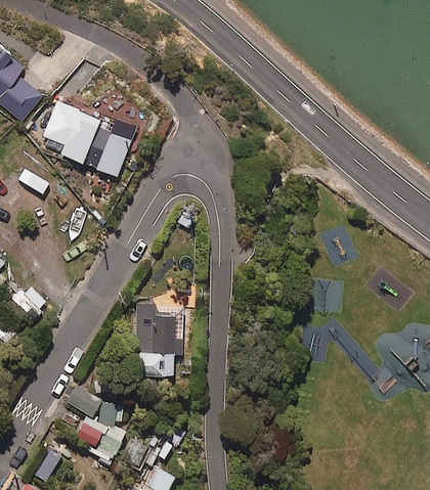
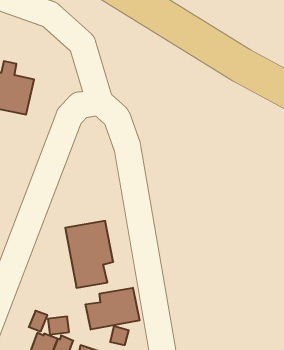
building: none -> [86,288,140,330]

